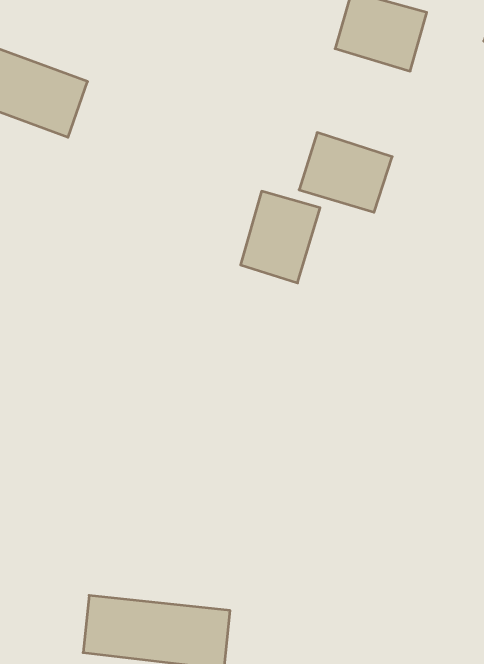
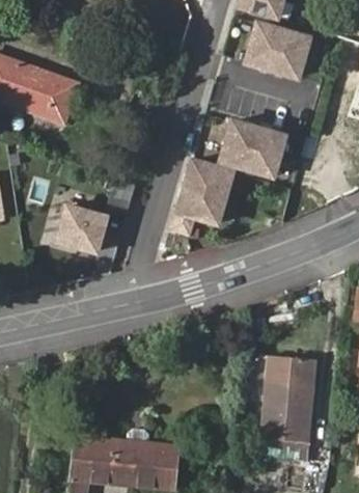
building: none -> [56,202,105,249]
building: none -> [260,358,314,461]

